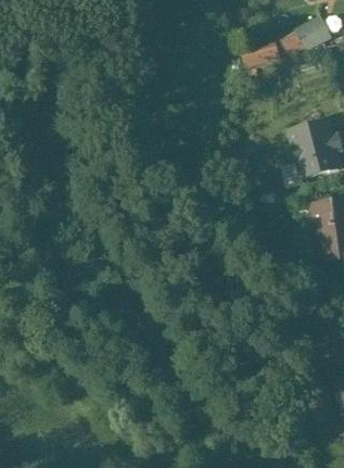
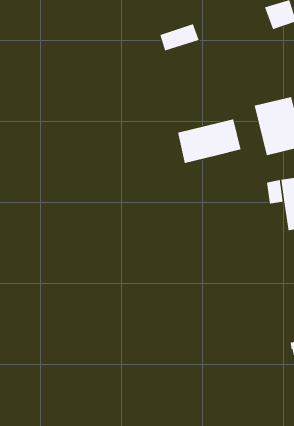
building: [242,38,284,67] -> [160,24,200,51]
building: none -> [178,119,241,164]

